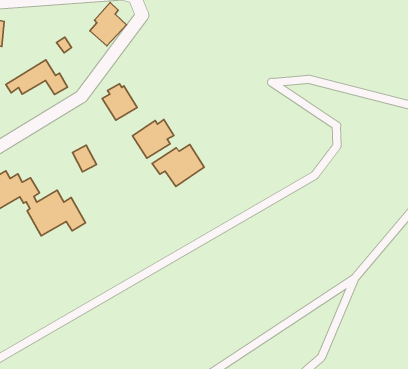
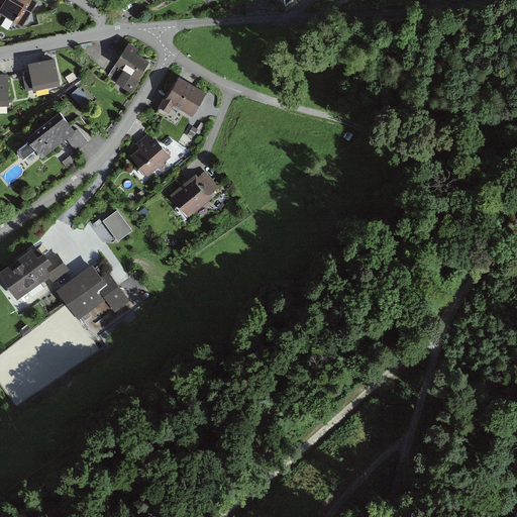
building: none -> [28,61,59,90]
building: none -> [158,79,204,119]
building: [152,145,204,186] -> none

